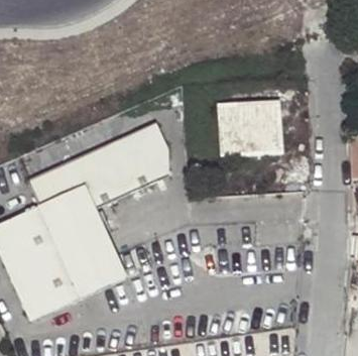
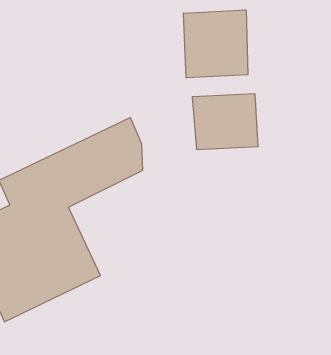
building: none -> [183,10,248,78]

